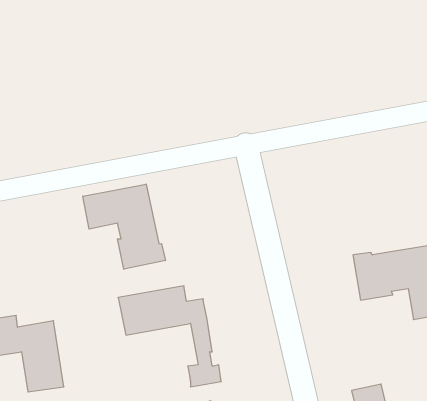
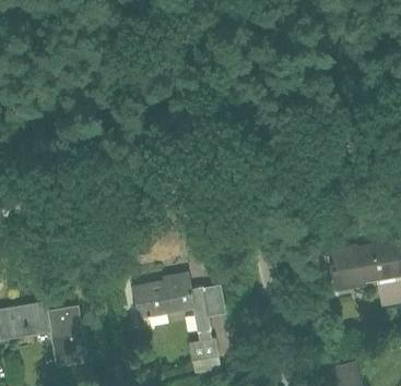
building: [83,184,165,269] -> none

